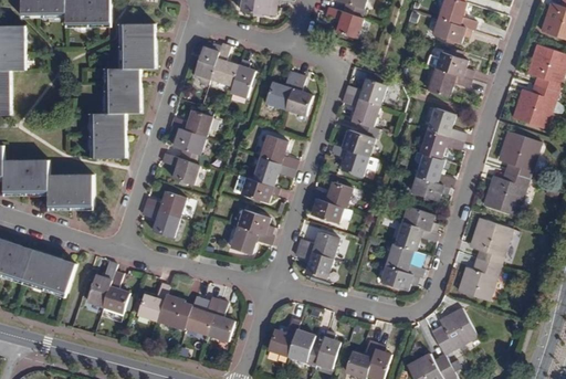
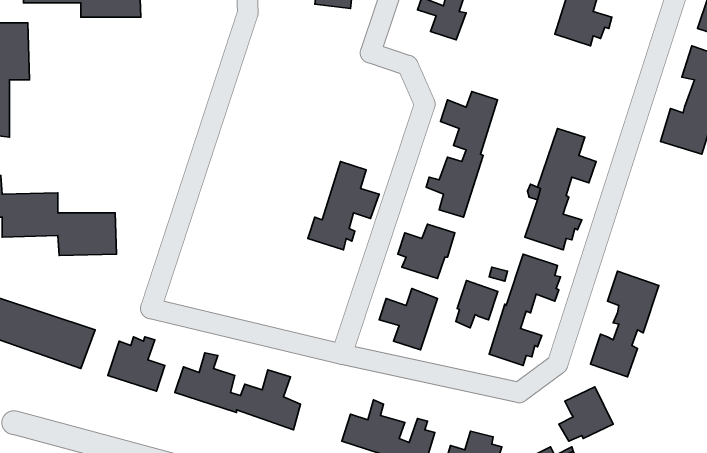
building: [93,23,154,158] -> none
building: [192,44,254,99] -> none
building: [424,50,470,97] -> none
building: [265,71,312,115] -> none
building: [165,109,217,188] -> none
building: [484,131,541,217] -> none
building: [142,192,186,240] -> none
building: [230,208,272,255] -> none
building: none -> [456,280,498,328]

